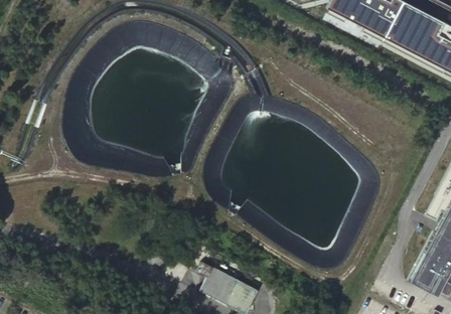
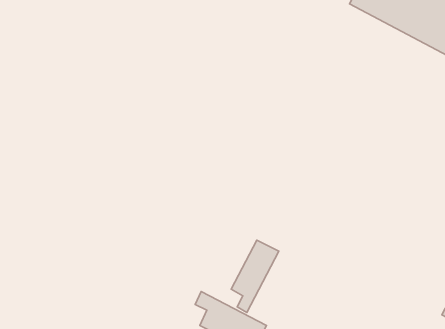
building: none -> [231,240,279,313]

